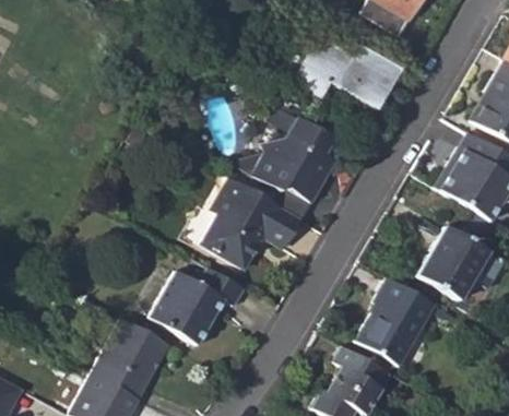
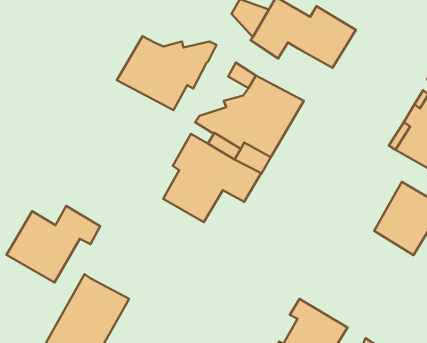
building: none -> [117,36,216,110]
building: [150,265,246,344] -> [7,206,100,282]
building: [355,276,436,365] -> none

